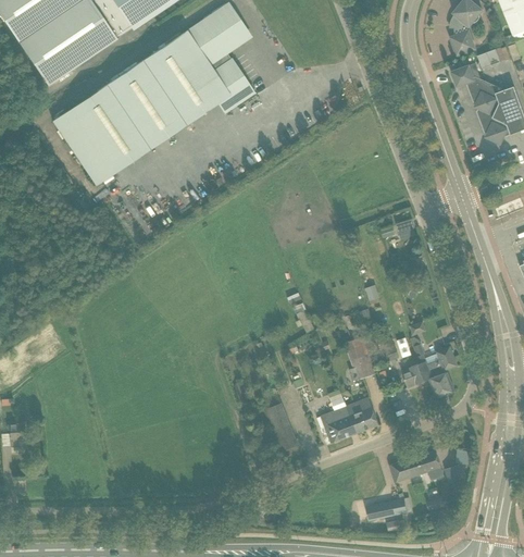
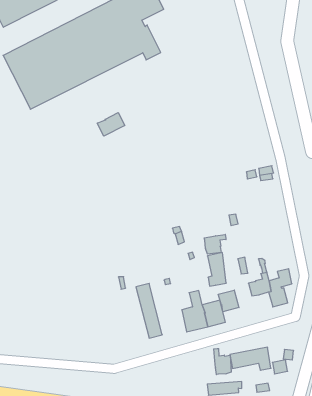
building: none -> [97,113,125,136]
building: none -> [204,234,226,254]
building: none -> [218,290,239,312]
building: none -> [214,349,231,375]

